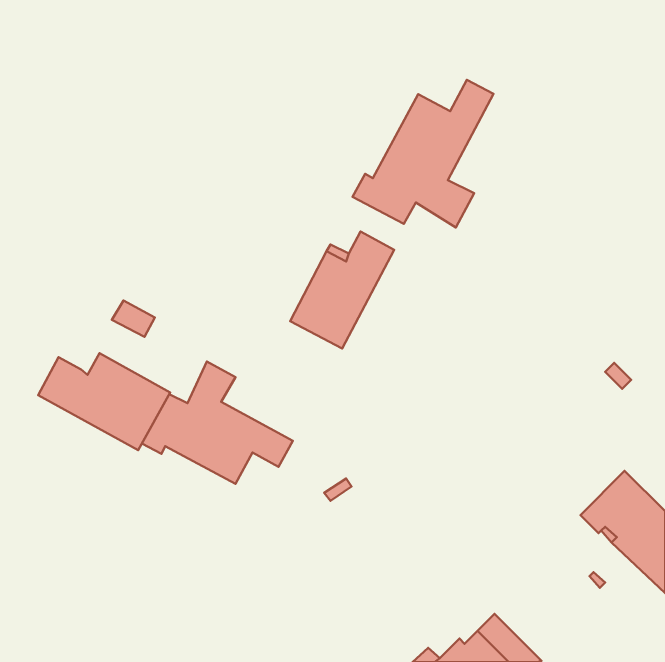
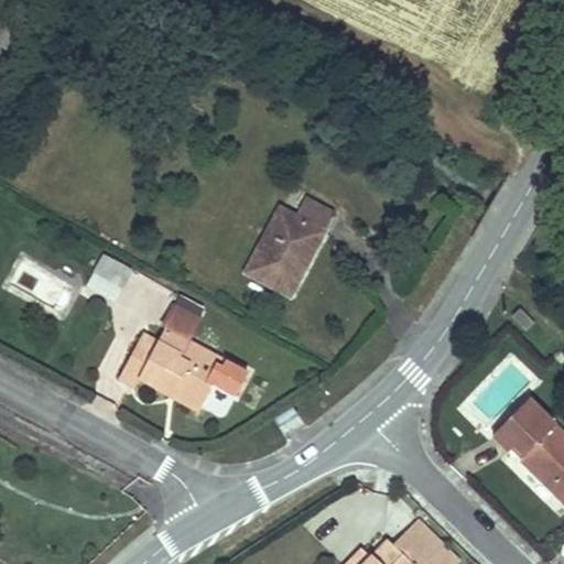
building: [353,80,494,228] -> none
building: [38,353,170,450] -> none

